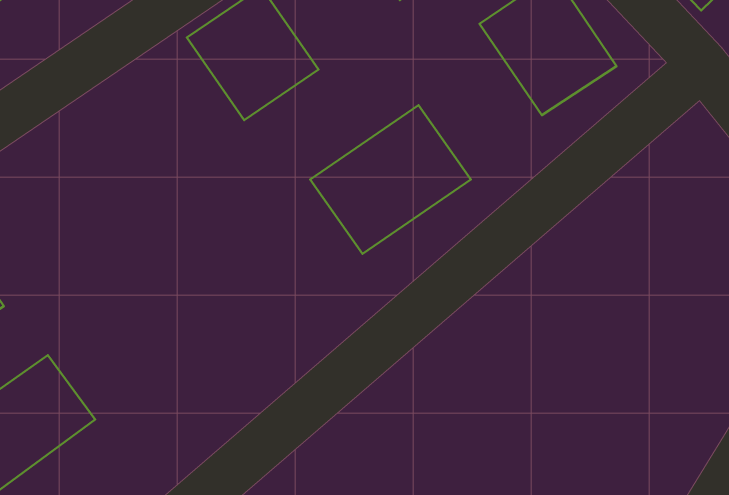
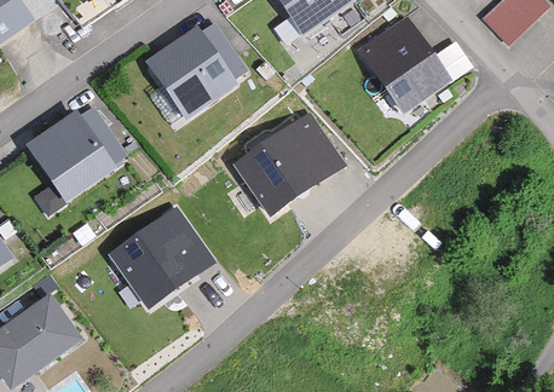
building: none -> [22,110,115,203]
building: none -> [111,204,219,310]

